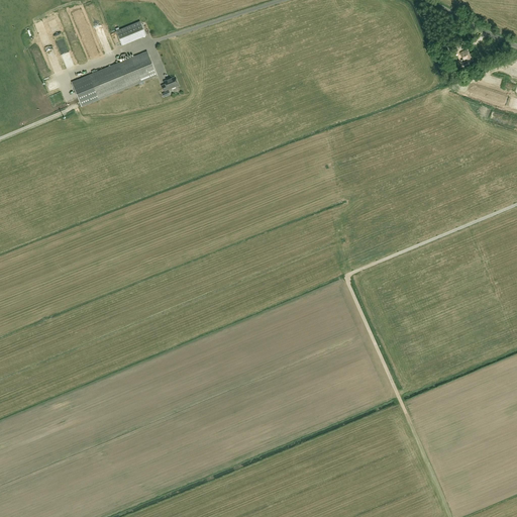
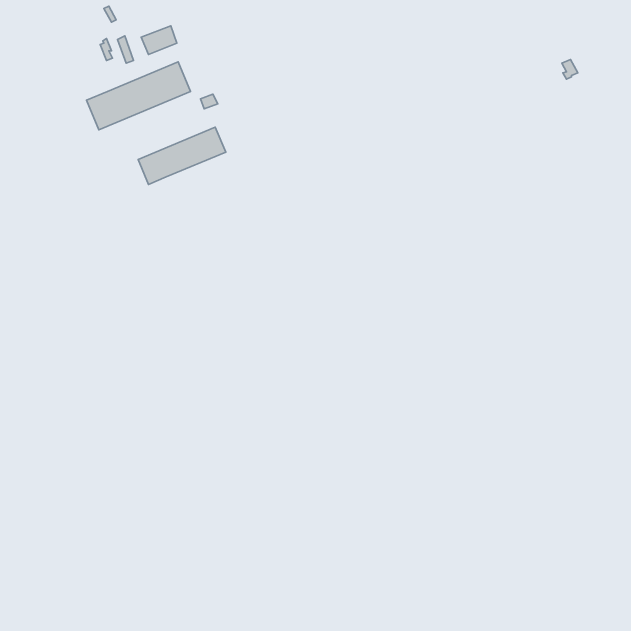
building: none -> [138,127,226,184]

